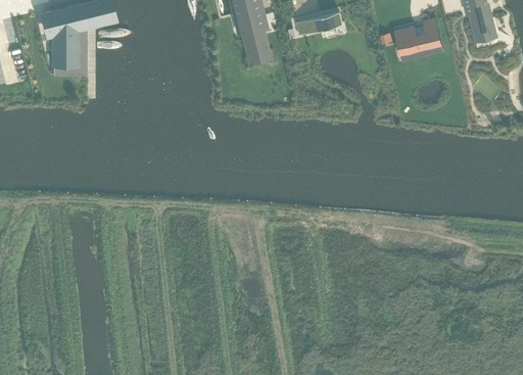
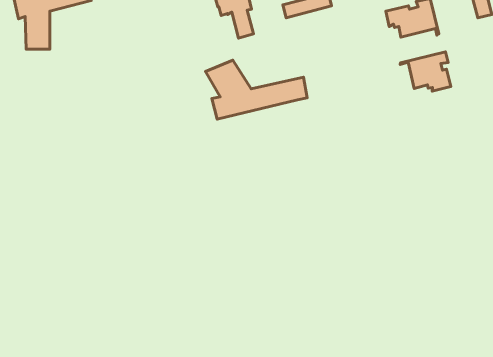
building: none -> [400,52,451,91]
building: none -> [206,60,307,119]

